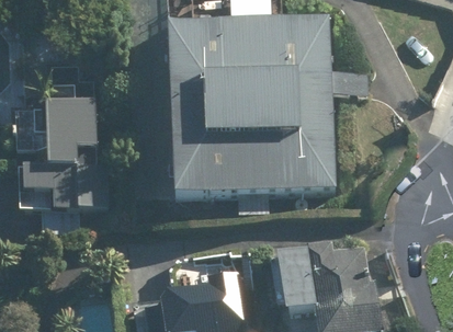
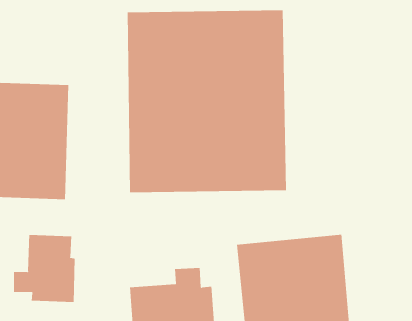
building: none -> [14,234,75,303]

